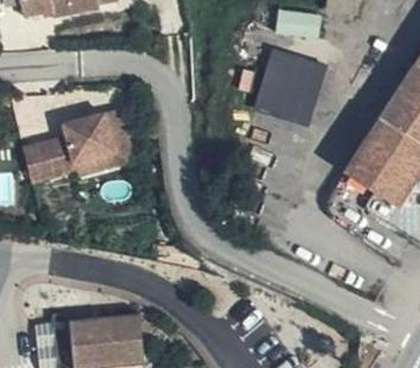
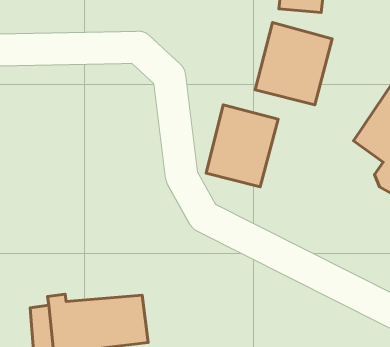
building: [27,110,121,176] -> none
building: none -> [206,105,278,187]

